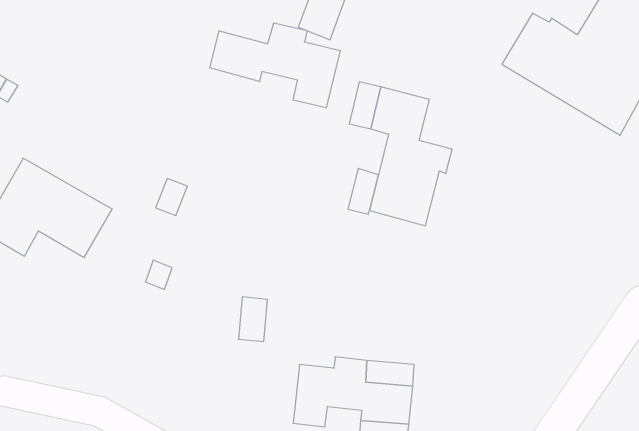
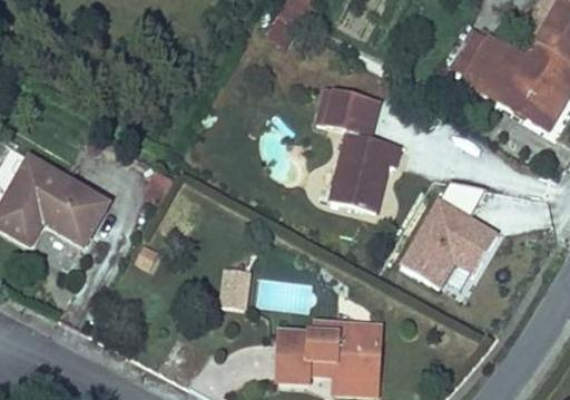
building: [210,23,340,108] -> none
building: none -> [403,173,504,300]

